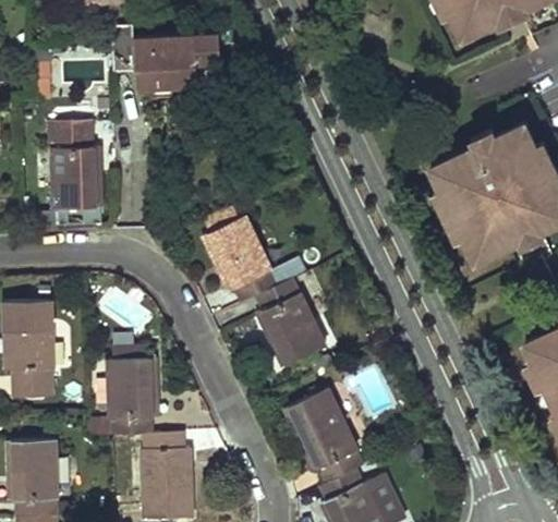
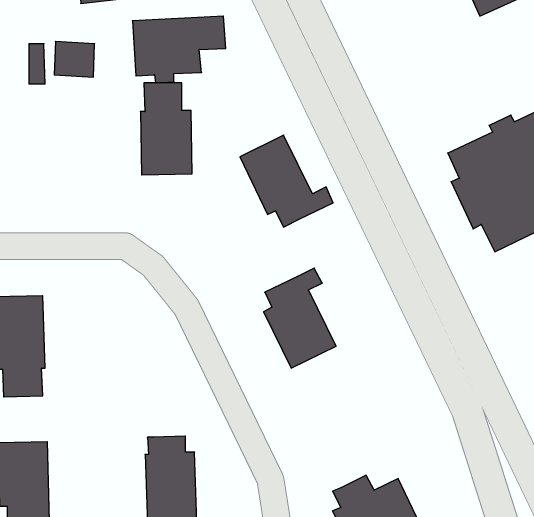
building: [50,123,99,210] -> [140,83,192,175]
building: [202,218,290,305] -> [240,135,333,227]
building: [112,344,161,436] -> none
building: [288,390,362,483] -> none

